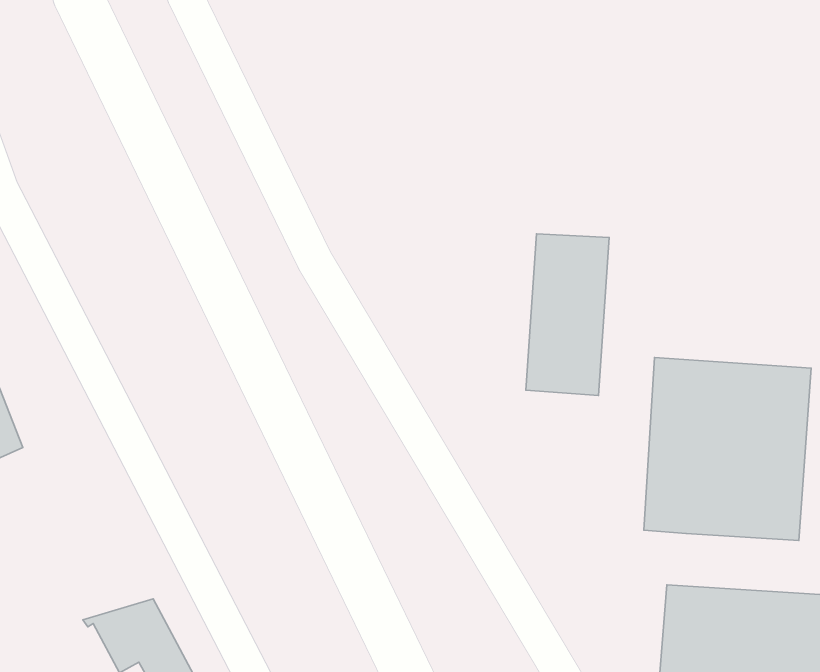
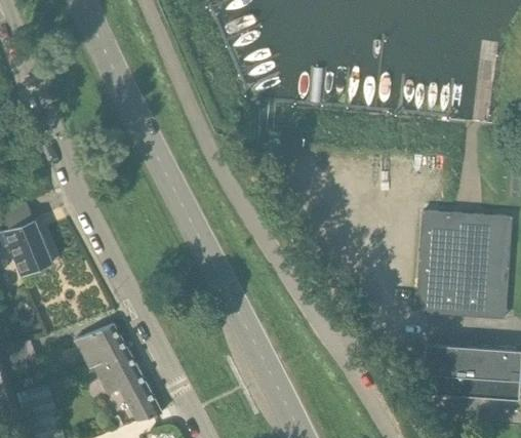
building: [526,234,609,395] -> none
building: none -> [75,324,128,364]

